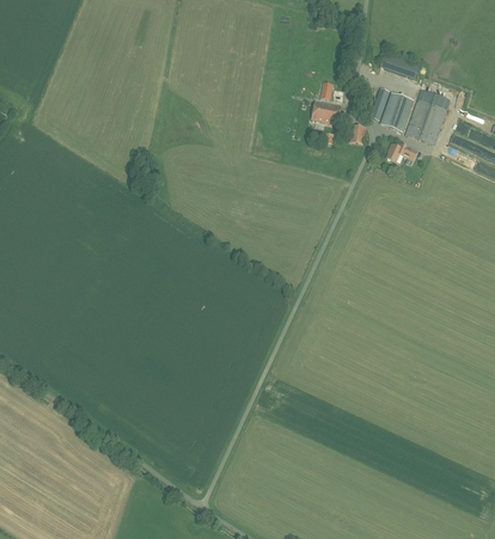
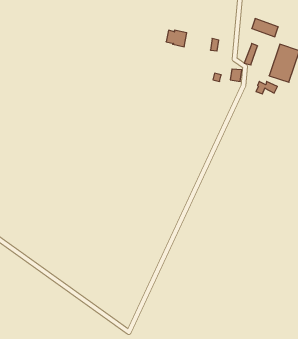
building: [380,92,412,130] -> none
building: [311,102,341,125] -> [166,30,187,47]

